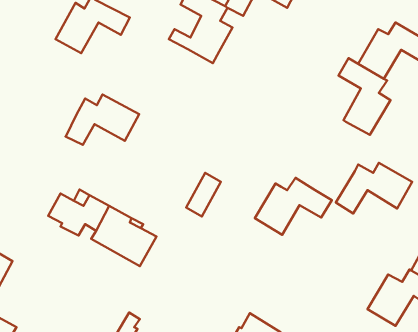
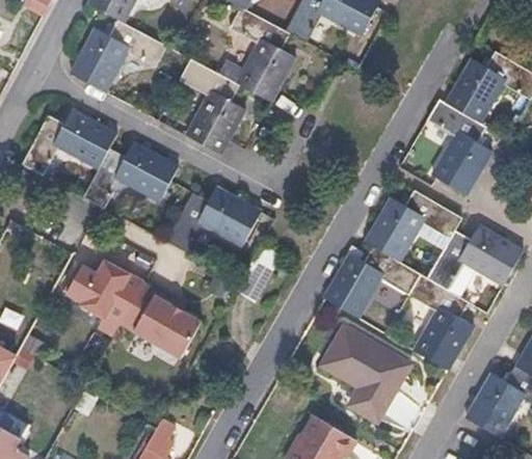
building: none -> [179,59,243,153]
building: none -> [25,109,116,172]
building: none -> [167,188,262,252]
building: none -> [366,192,460,263]
building: none -> [405,275,475,374]
building: none -> [319,322,415,420]

